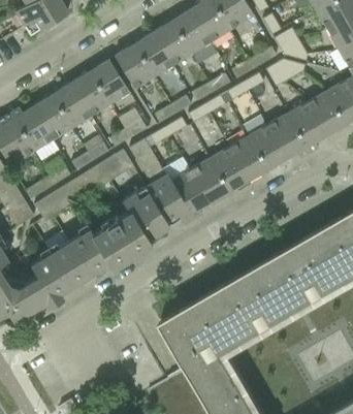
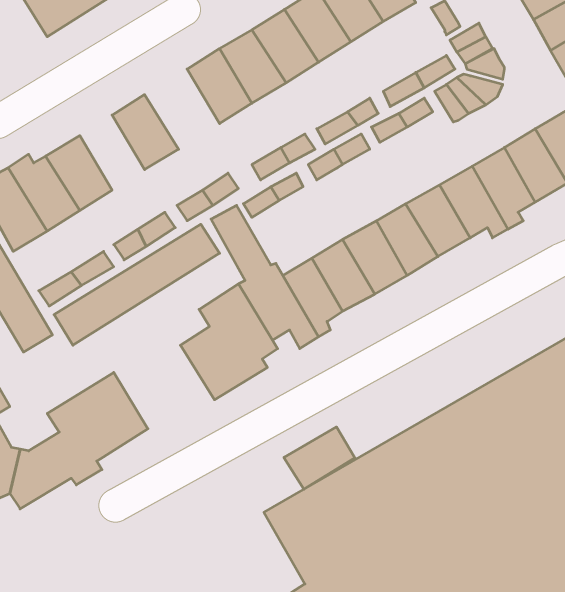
building: [89,60,129,104] -> none
building: [50,84,89,129] -> none
building: [70,223,131,277] -> none
building: none -> [284,427,355,489]

